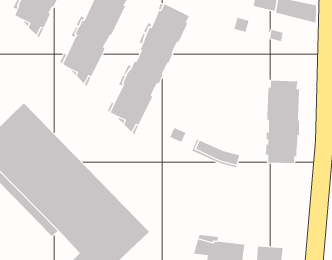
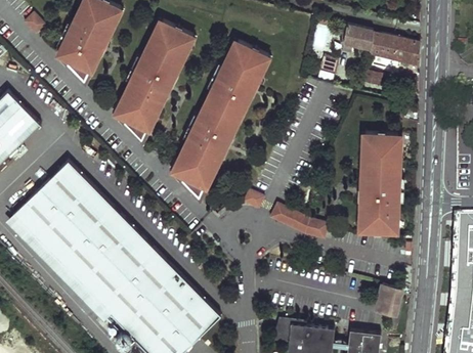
building: none -> [377,285,401,317]

